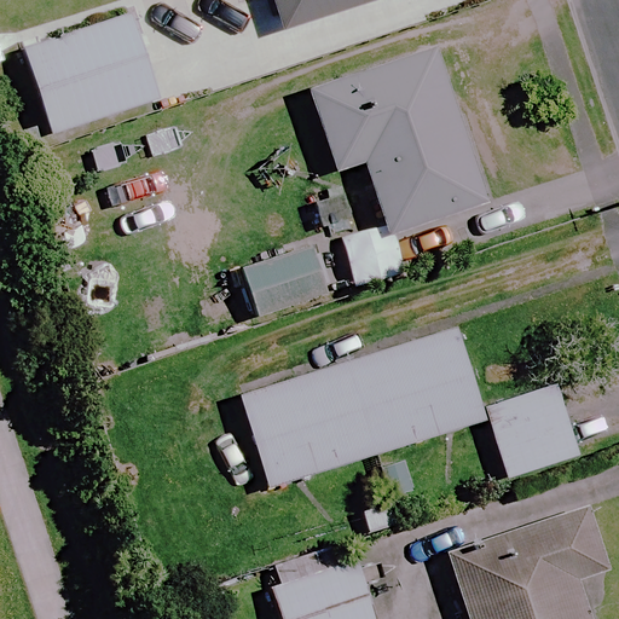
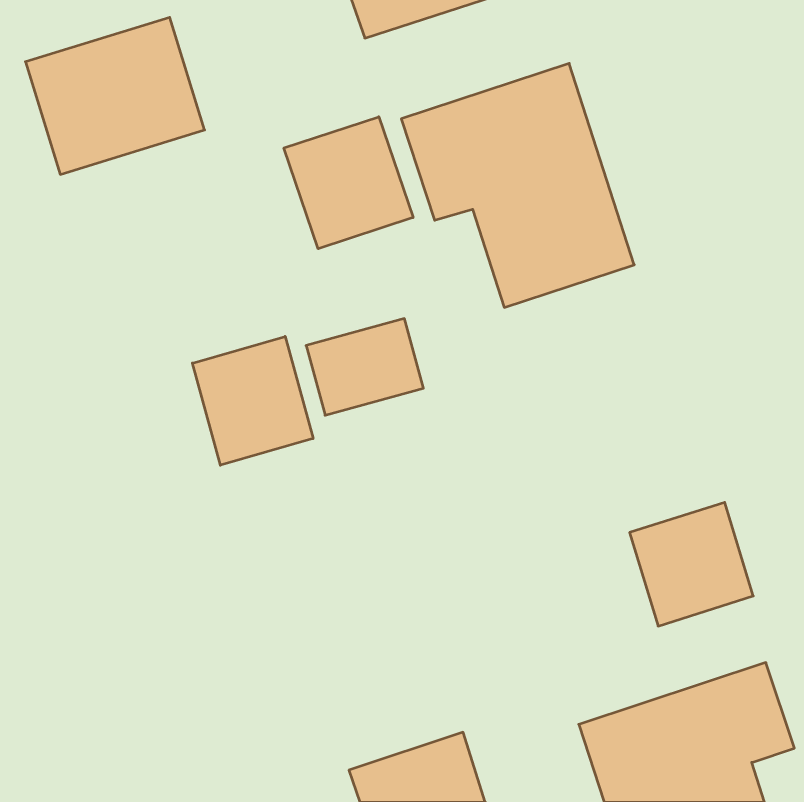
building: none -> [284,117,413,249]
building: none -> [192,336,313,465]
building: [241,330,485,486] -> none

